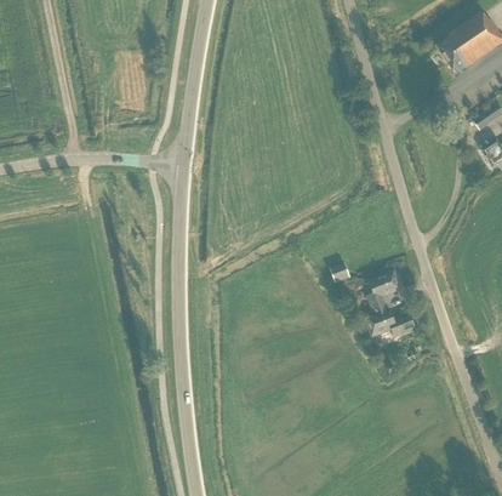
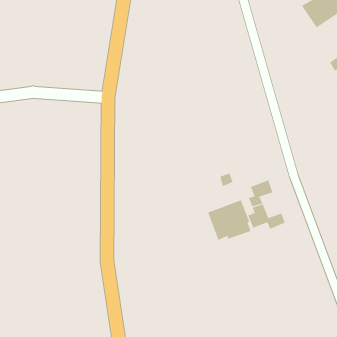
building: none -> [208,199,251,241]

